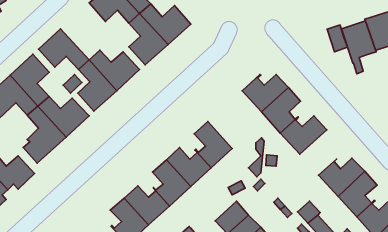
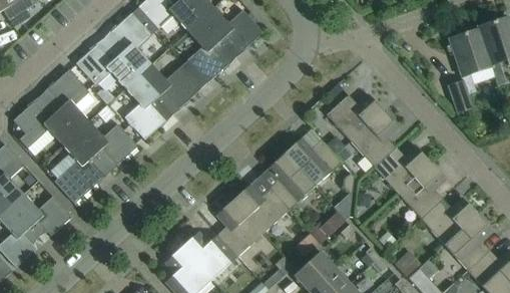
building: none -> [103,13,151,76]
building: [327,25,347,52] -> [448,80,473,113]
building: none -> [285,137,342,186]
building: none -> [398,163,446,219]

